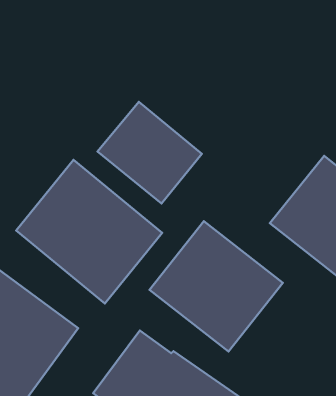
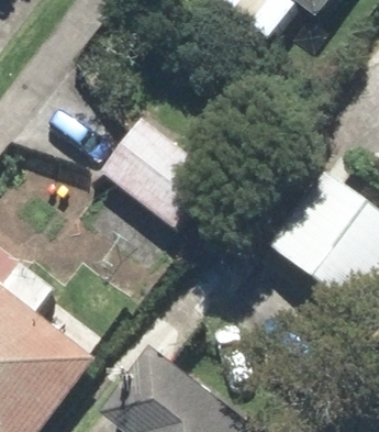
building: [16,160,162,304] -> none
building: [149,221,283,351] -> none

